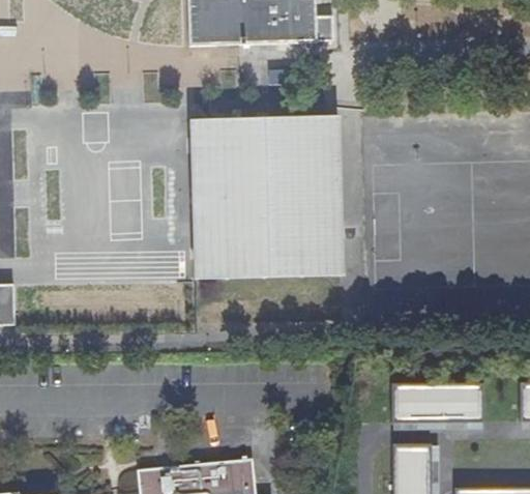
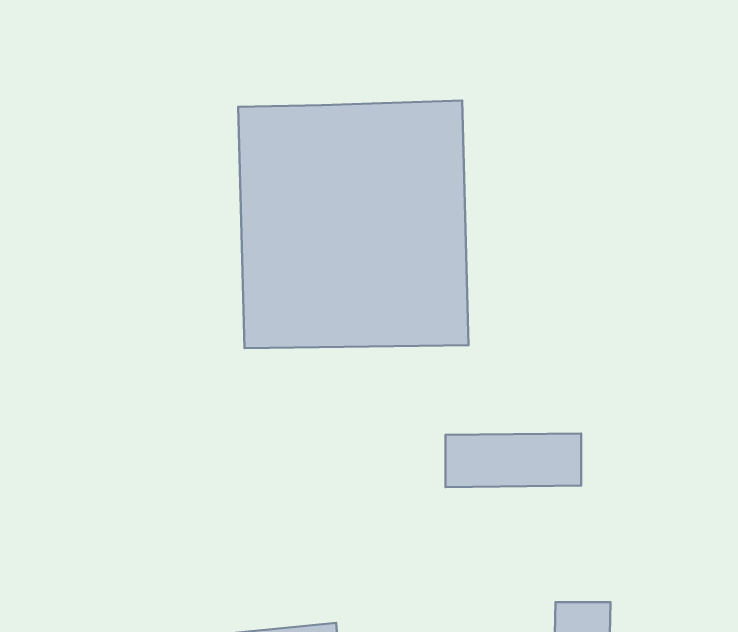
building: [396,385,485,420] -> [445,433,581,487]

